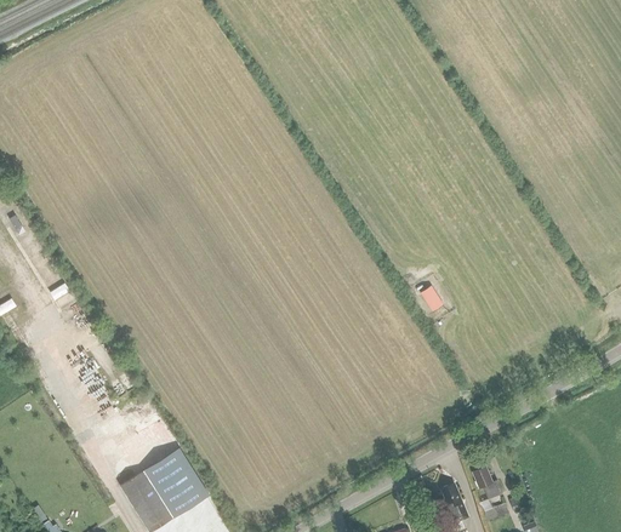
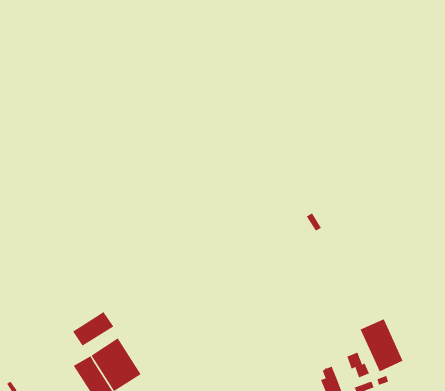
building: none -> [72,311,114,347]
building: none -> [360,319,404,372]

